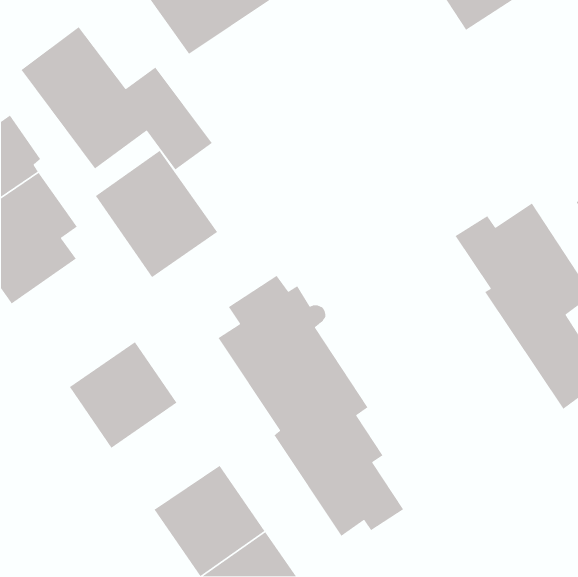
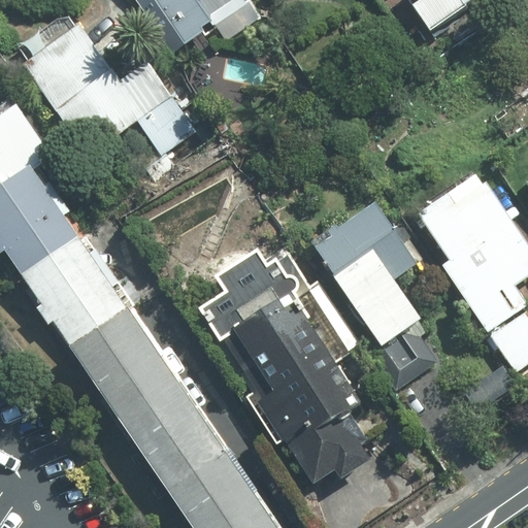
building: [95,150,218,278] -> [16,233,128,349]
building: none -> [309,203,441,387]
building: none -> [106,363,204,459]

